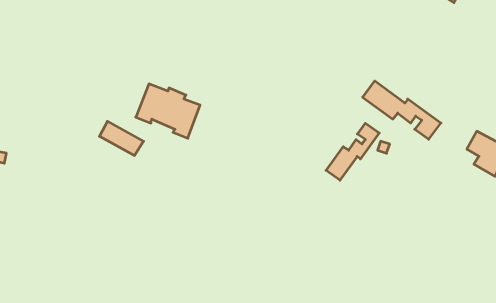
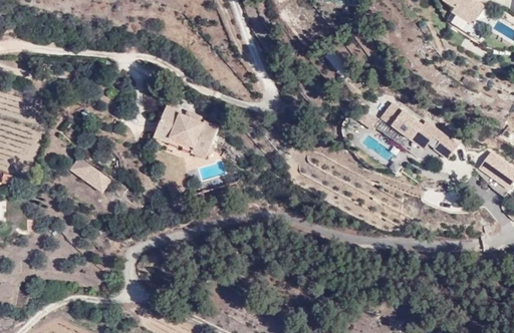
building: [99,121,144,155] -> [74,159,118,194]
building: [326,123,379,180] -> none

